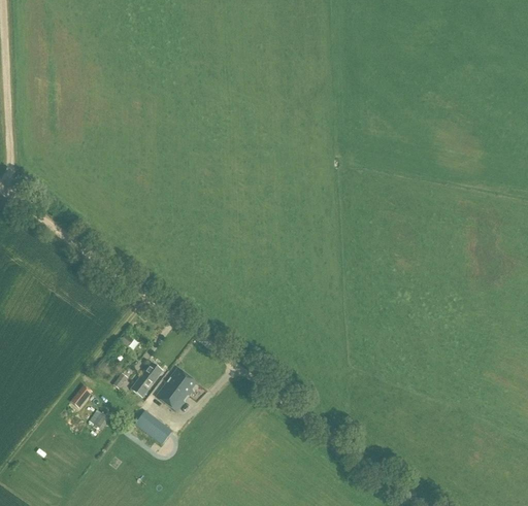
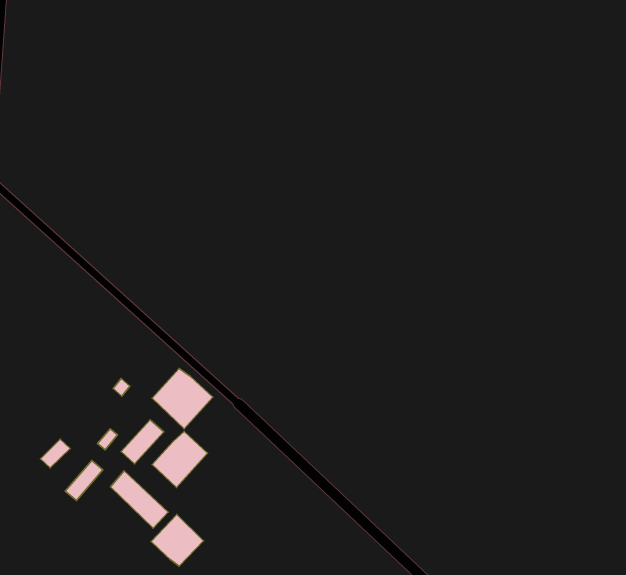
building: none -> [152,368,213,429]
building: none -> [151,514,203,566]

